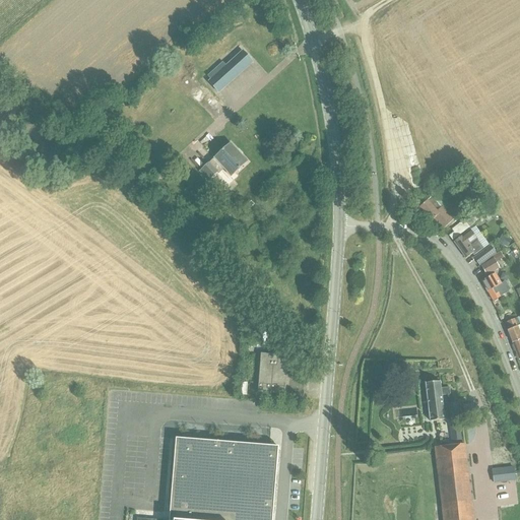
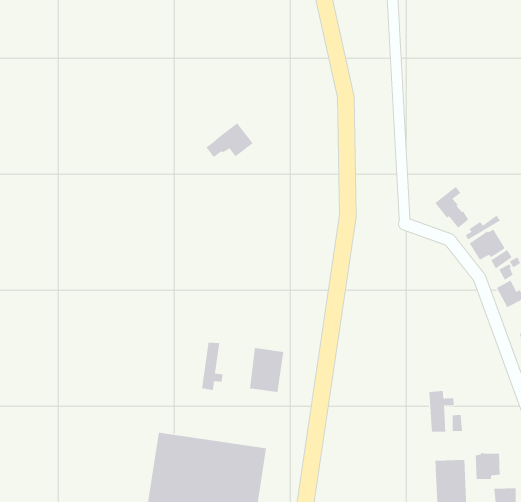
building: [206,49,253,92] -> none
building: none -> [202,342,223,391]
building: none -> [475,452,500,480]

